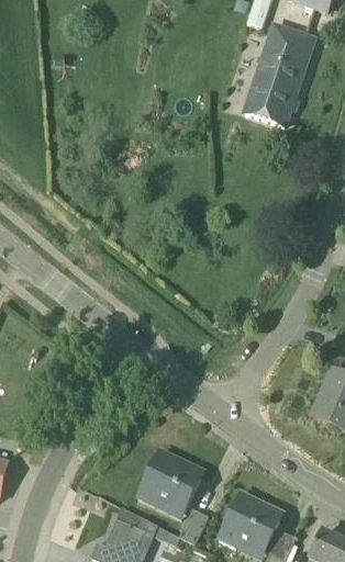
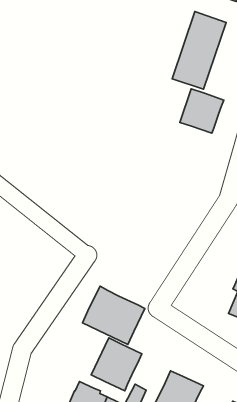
building: none -> [180,89,224,133]
building: none -> [82,286,145,345]

